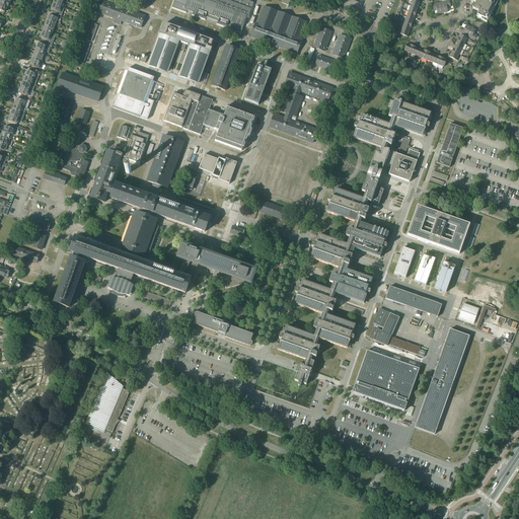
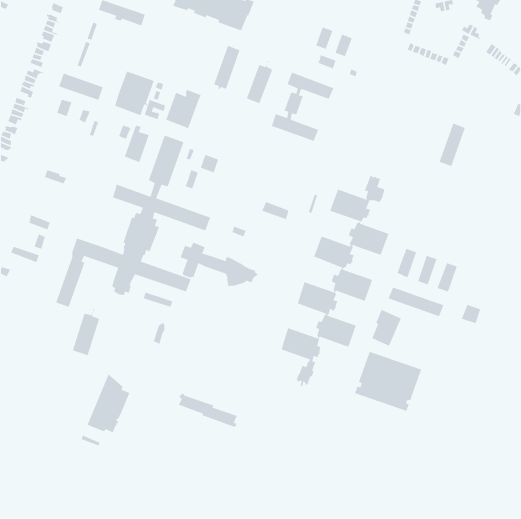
building: [250,5,306,52] -> none
building: [149,21,213,81] -> none
building: [188,96,254,149] -> none
building: [354,98,430,180] -> none
building: [61,141,89,175] -> none
building: [91,146,124,201] -> none
building: [212,156,237,182] -> none
building: [407,205,469,251] -> none
building: none -> [72,308,100,356]
building: [194,310,253,345] -> [178,393,238,428]
building: [415,327,470,433] -> none

